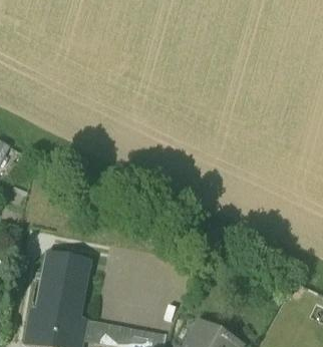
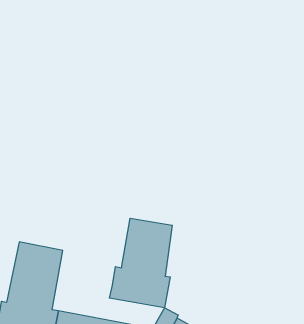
building: none -> [109,218,172,308]

